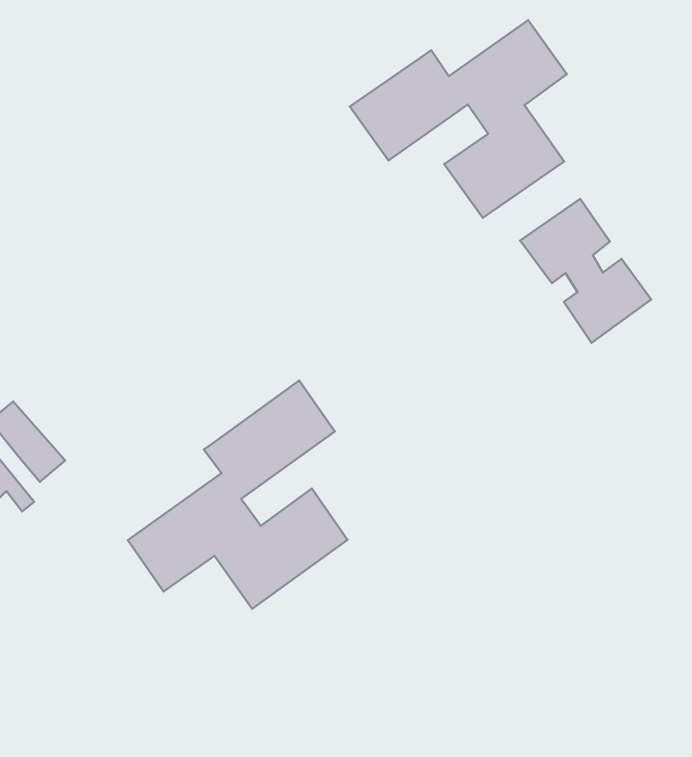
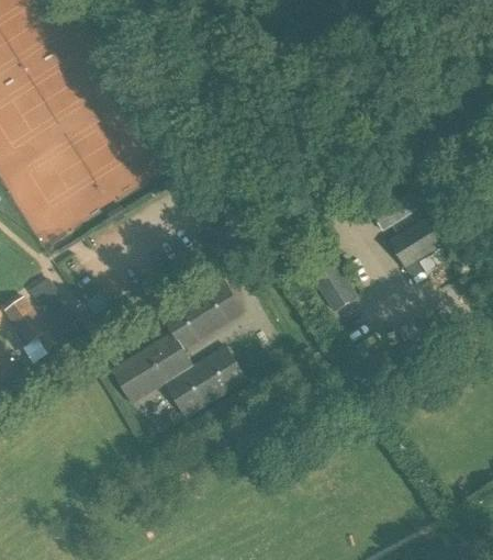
building: [350,20,567,218] -> none
building: none -> [309,256,358,312]

